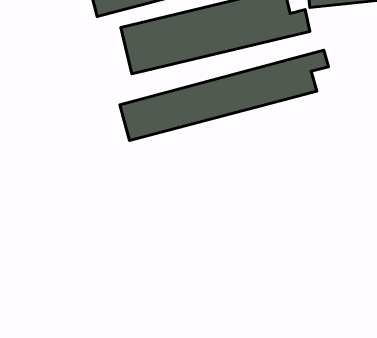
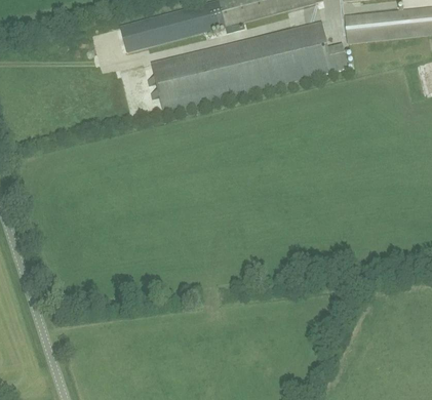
building: [120,50,329,141] -> none

